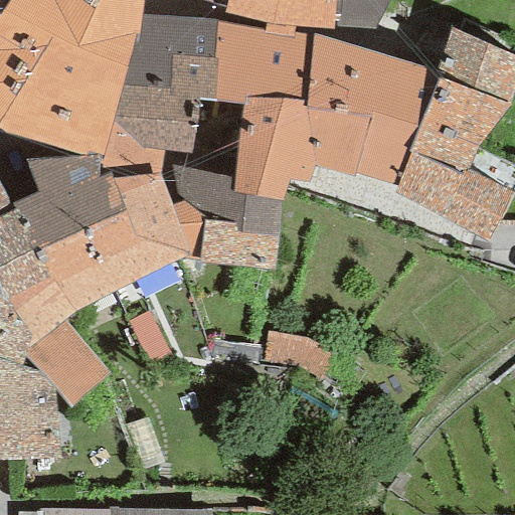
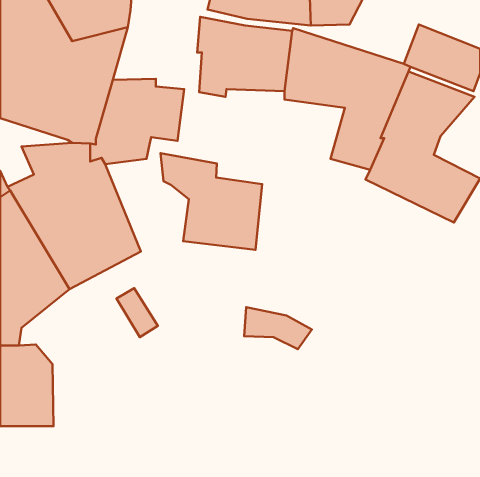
building: [121,11,216,99] -> none
building: [231,96,369,197] -> none
building: [113,170,202,270] -> none
building: [23,319,110,406] -> none

